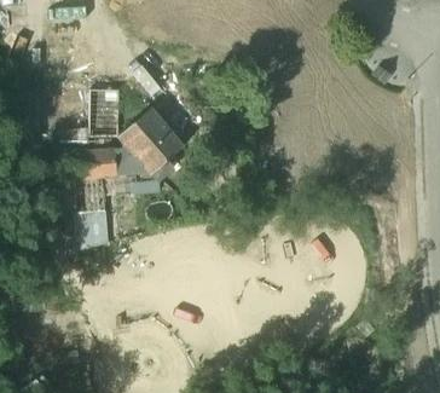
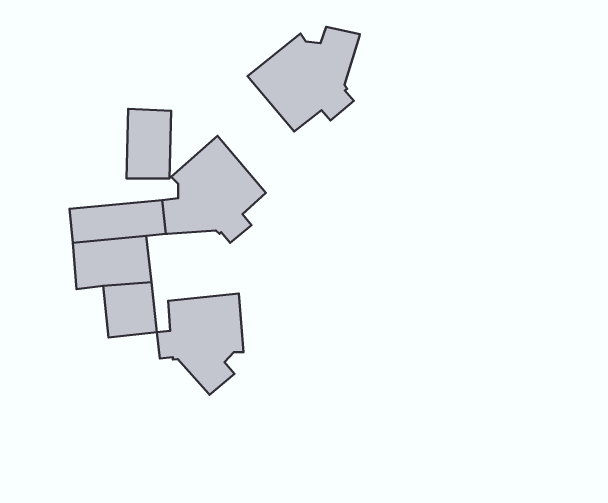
building: none -> [248,27,360,132]
building: none -> [157,293,244,395]

